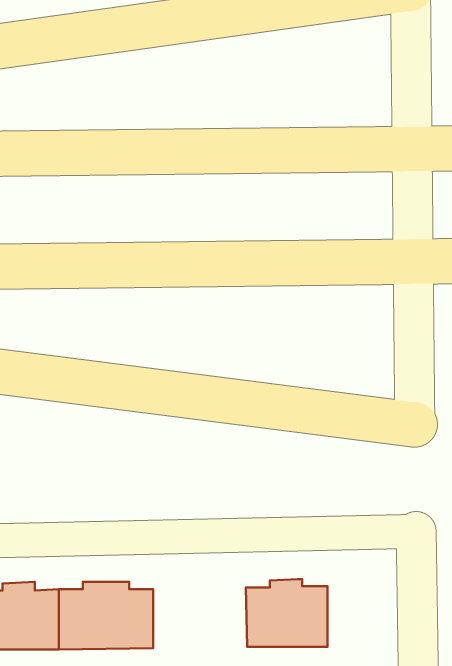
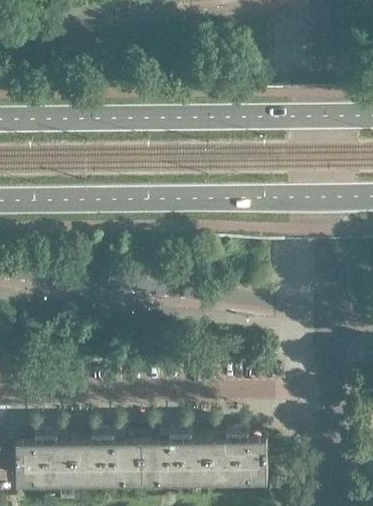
building: none -> [143,438,210,486]

